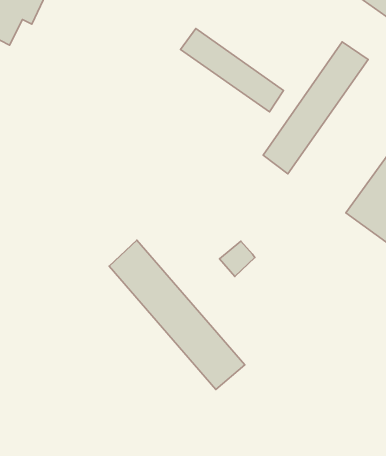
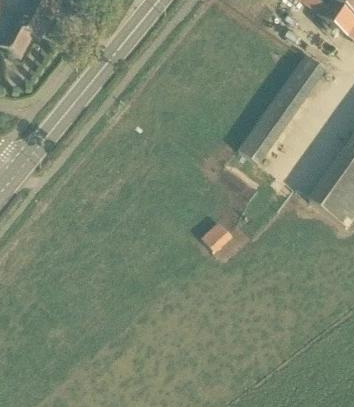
building: [181,28,284,112] -> none
building: [109,240,245,389] -> none

